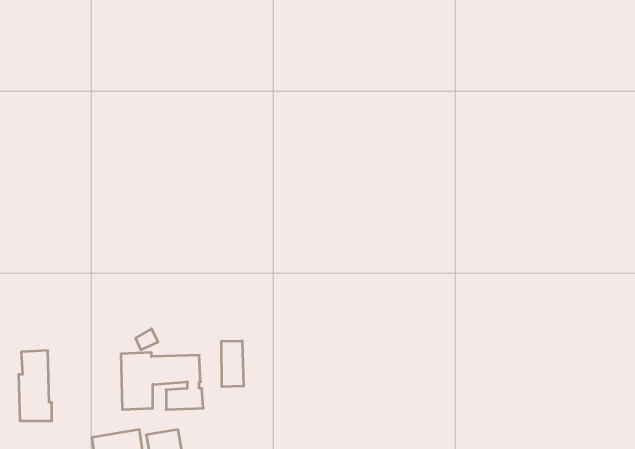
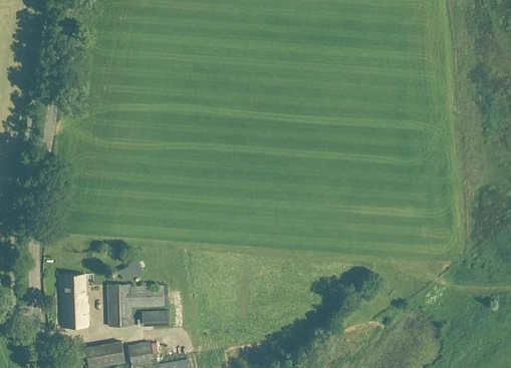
building: [222,341,243,387] -> none
building: [19,351,52,421] -> [62,274,87,327]

